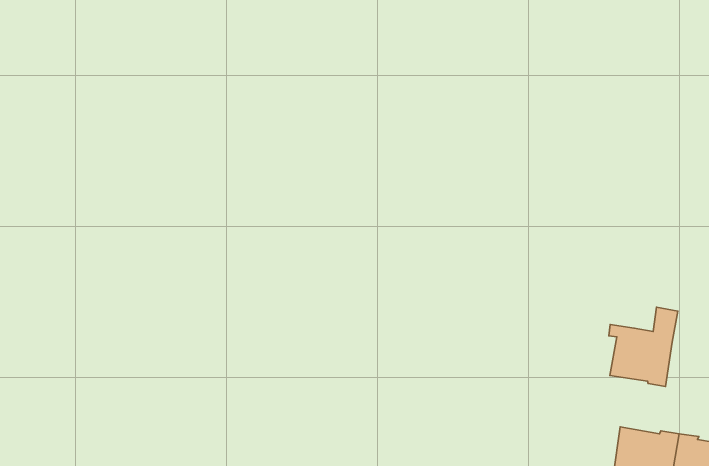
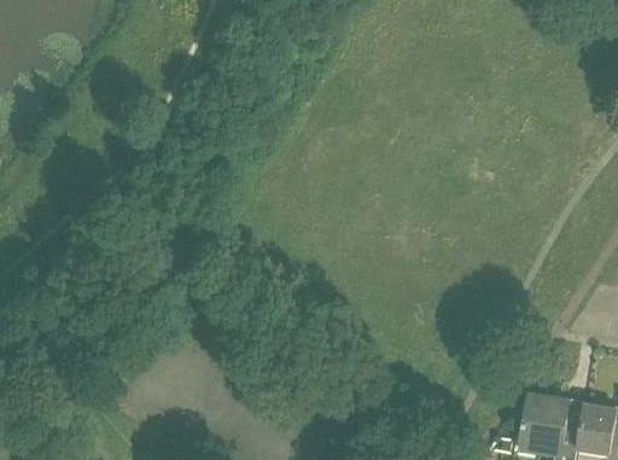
building: [609,307,678,387] -> none

